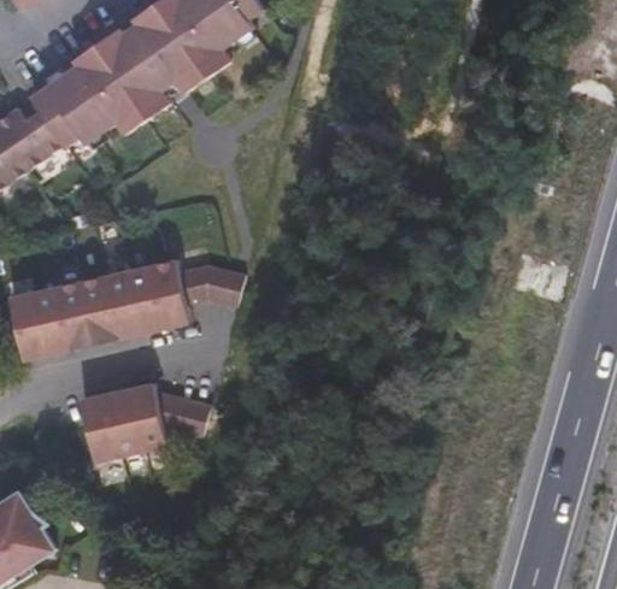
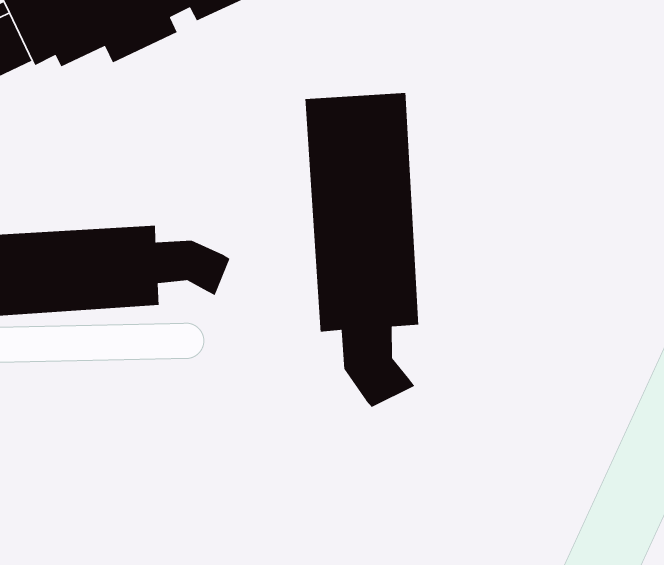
building: none -> [305,92,419,408]
building: [78,384,205,461] -> none

